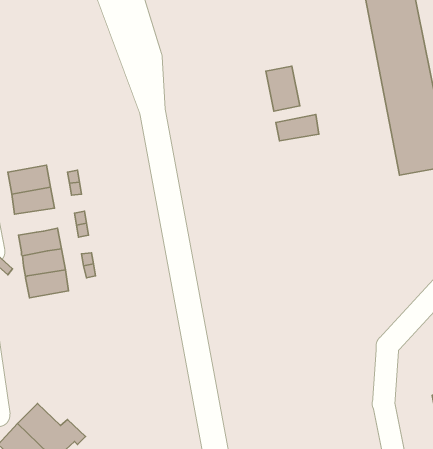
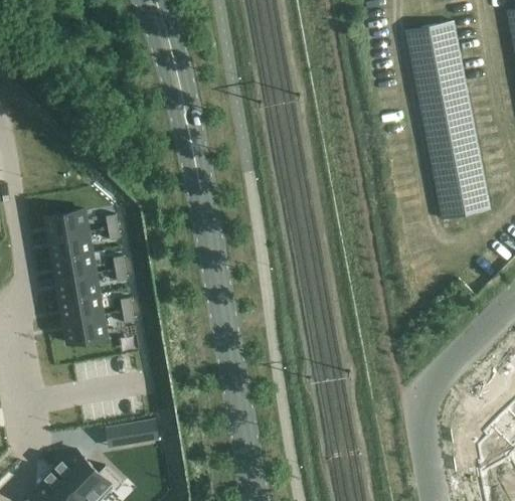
building: [266,66,300,111] -> none
building: [276,114,319,141] -> none
building: none -> [53,254,97,281]

